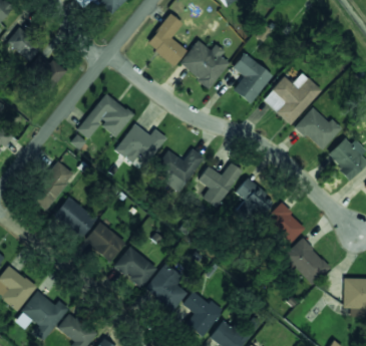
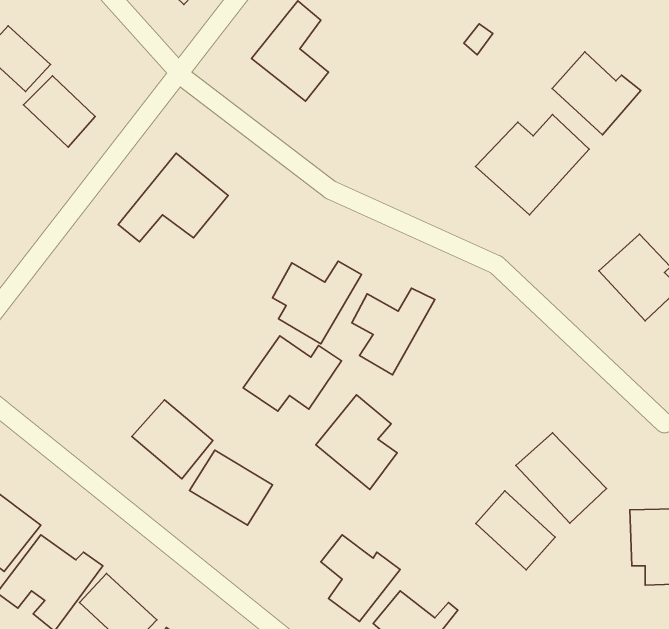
building: [179,40,230,88] -> none
building: [233,53,273,104] -> none
building: [296,108,342,151] -> [552,52,641,135]
building: [115,124,166,163] -> [243,336,342,411]
building: [30,162,74,211] -> none
building: [235,180,273,215] -> none
building: [54,197,97,238] -> none
building: [265,204,306,245] -> [476,491,555,570]
building: [145,263,188,312] -> [316,395,397,489]

